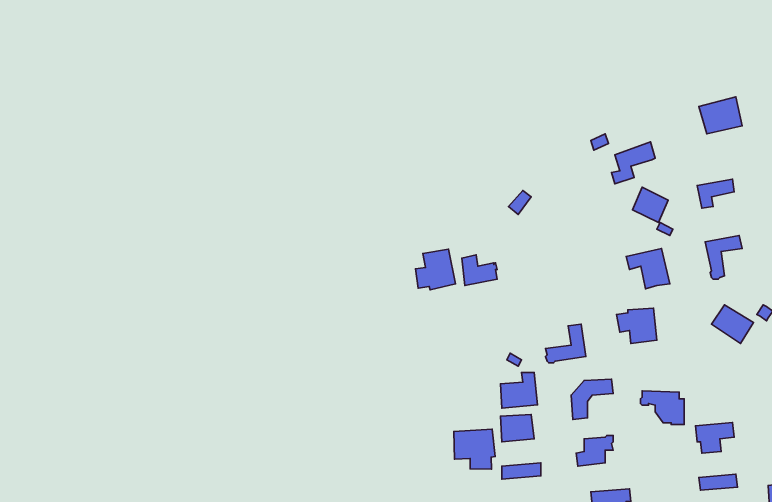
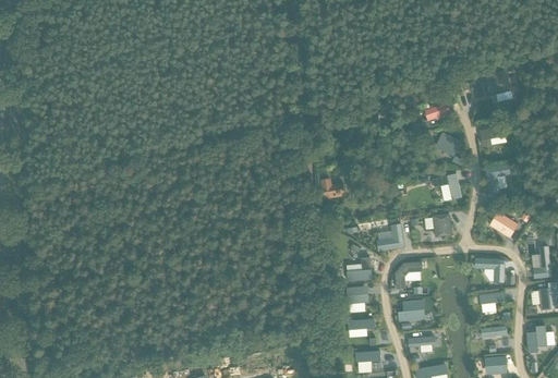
building: [416,249,455,290] -> none
building: [641,391,684,425] -> [474,258,504,281]
building: [454,429,495,469] -> none

